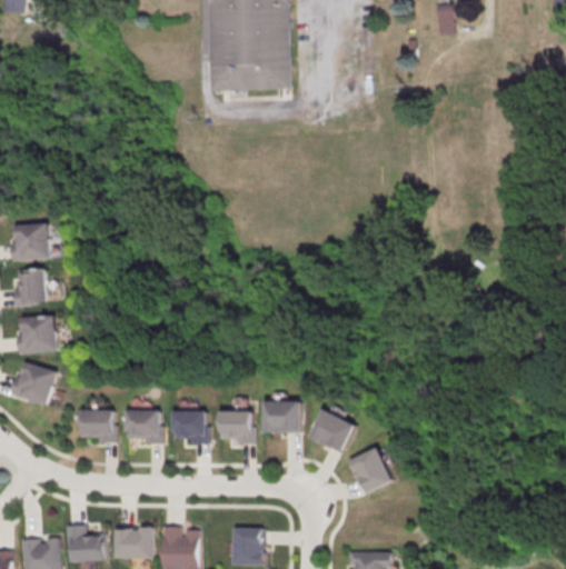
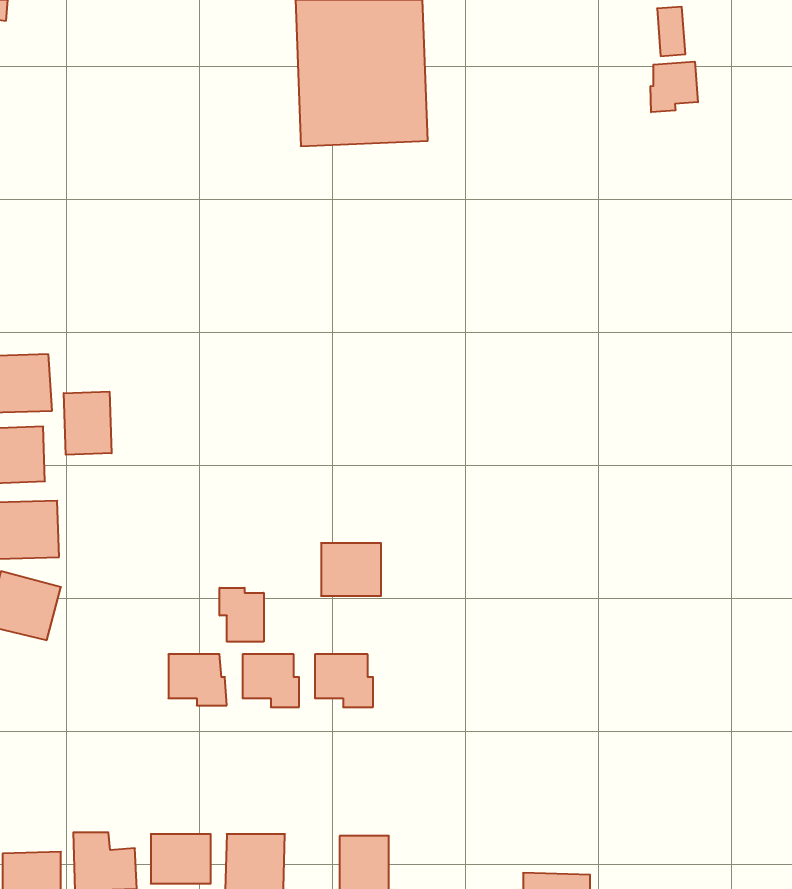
building: none -> [651,62,698,112]
building: none -> [64,392,112,455]
building: none -> [220,588,264,642]
building: [264,399,301,432] -> [321,543,381,596]
building: [310,406,358,452] -> none
building: [79,411,116,445] -> none
building: [349,447,394,493] -> none

